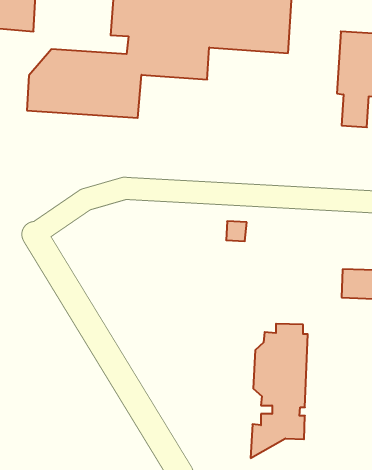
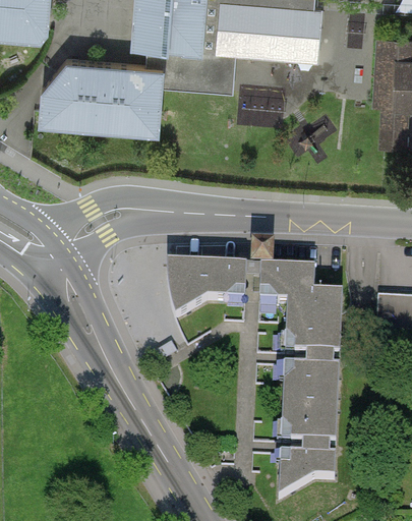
building: none -> [169,263,248,320]
building: none -> [260,267,344,357]

